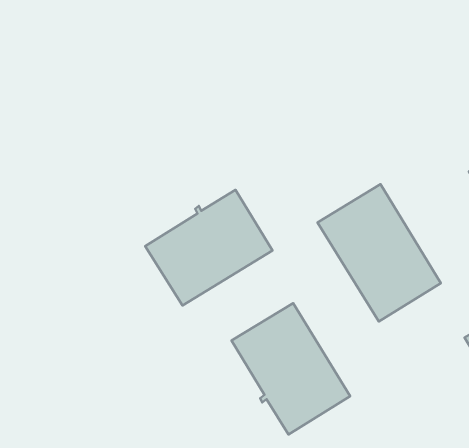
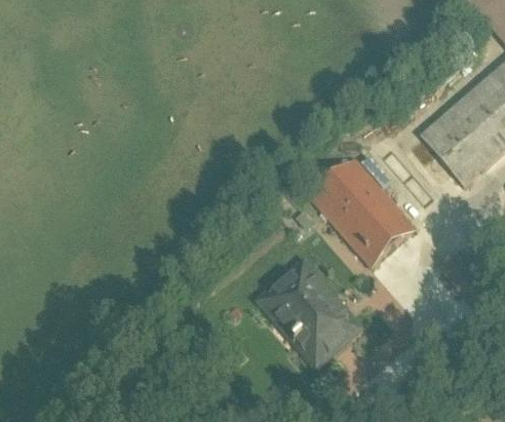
building: [145,190,272,306] -> none

